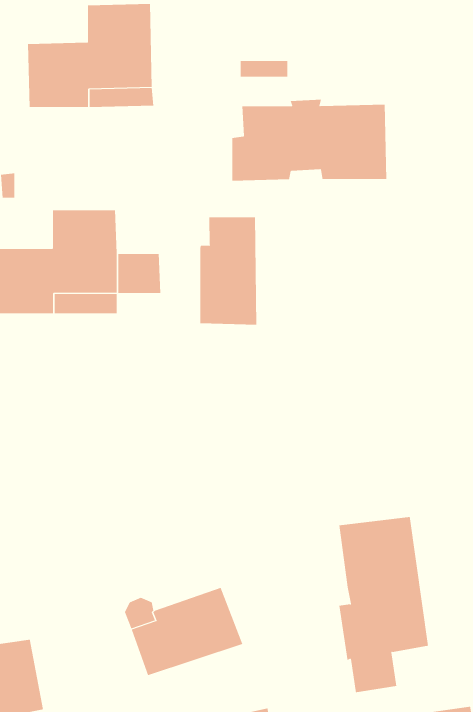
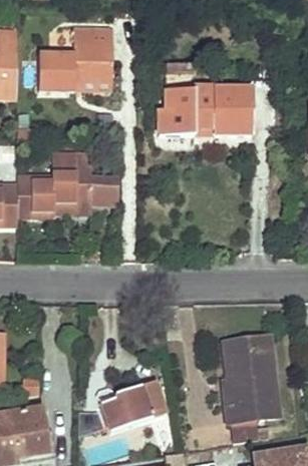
building: [200,216,257,326] -> none

